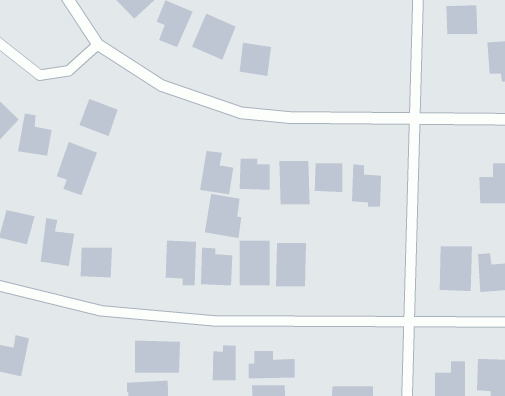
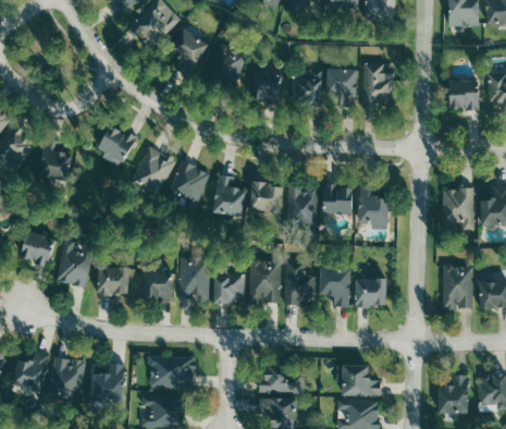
building: [445,5,478,34] -> [447,81,479,109]
building: none -> [363,62,390,106]
building: none -> [326,69,356,107]
building: none -> [296,72,322,107]
building: none -> [172,162,210,201]
building: [56,141,98,196] -> [135,146,175,198]
building: none -> [442,188,476,231]
building: [204,193,242,239] -> none
building: none -> [320,270,349,307]
building: none -> [143,271,172,299]
building: none -> [354,279,386,308]
building: none -> [52,358,86,397]
building: [212,344,236,381] -> none
building: none -> [94,365,124,401]
building: none -> [342,365,382,396]

